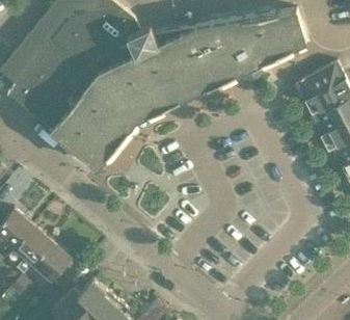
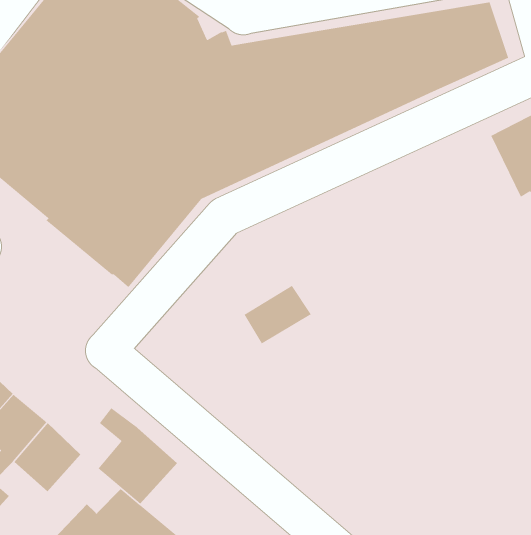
building: none -> [243,285,312,344]
building: none -> [97,407,178,504]

